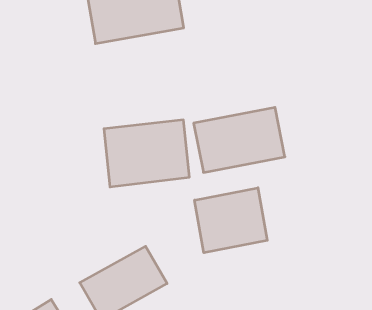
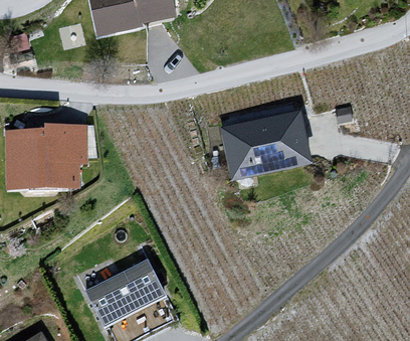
building: [104,120,189,187] -> [12,123,99,191]
building: [195,188,267,253] -> none

